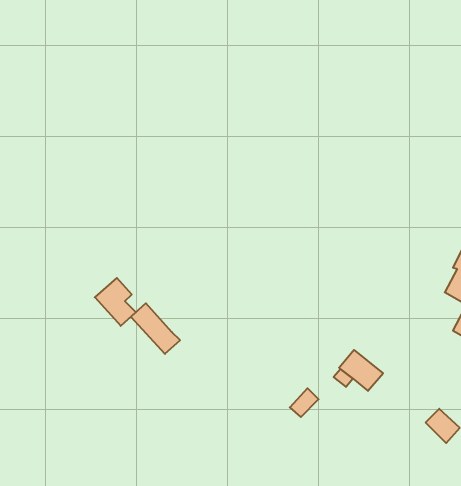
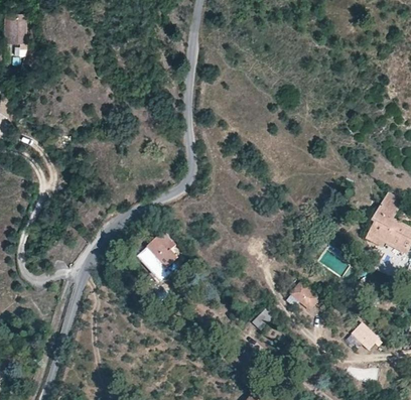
building: [95,278,136,326] -> [147,232,177,267]

